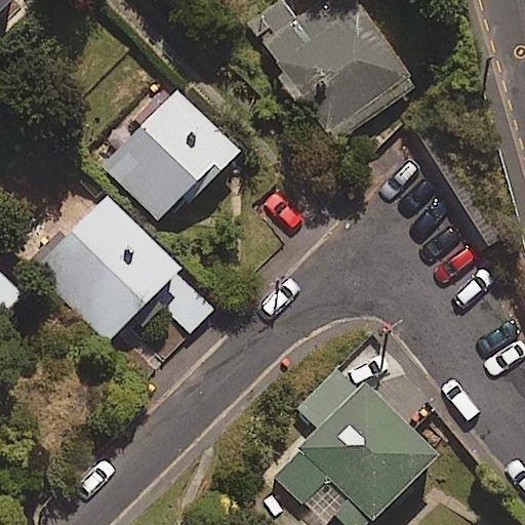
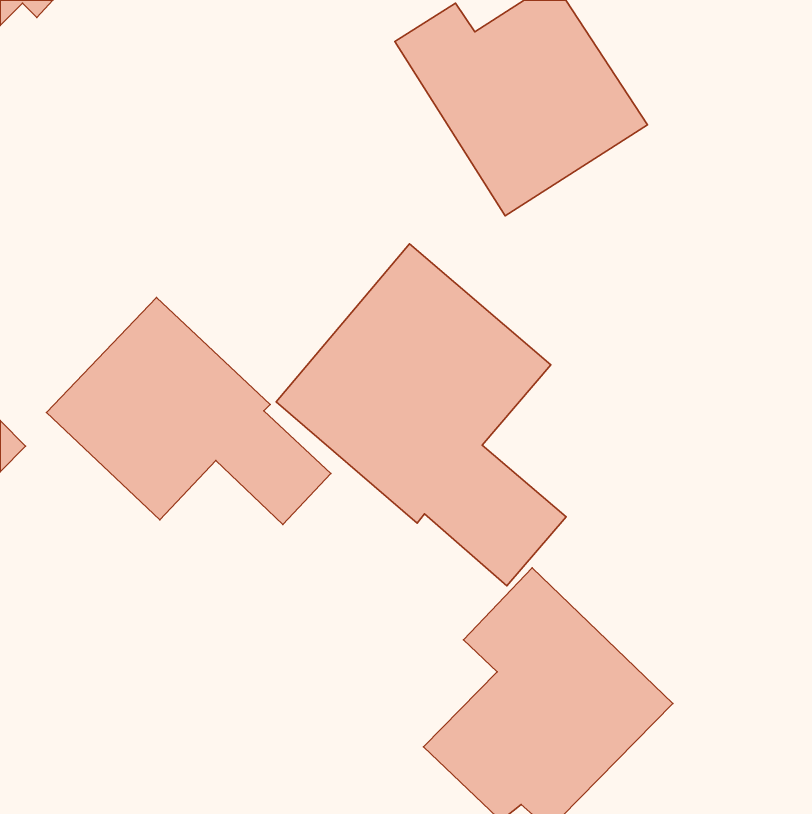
building: [102,88,239,217] -> none
building: none -> [276,244,566,586]

